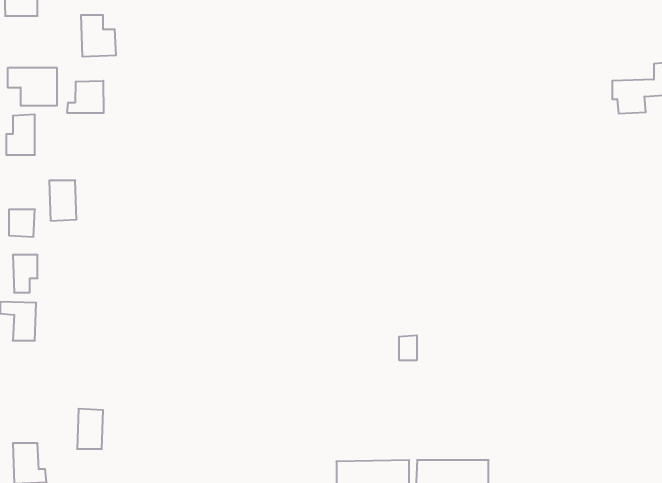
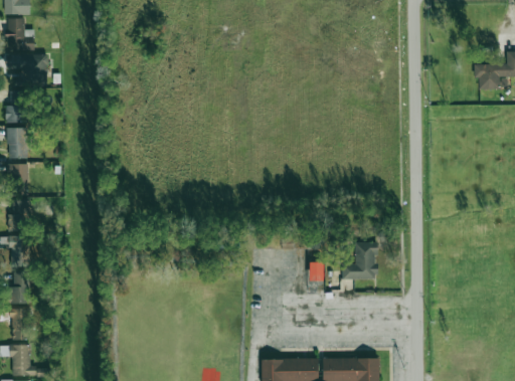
building: [81,15,116,57] -> [8,18,35,50]
building: [67,81,104,113] -> none
building: [49,180,77,221] -> [7,128,28,159]
building: none -> [343,242,379,279]
building: none -> [10,272,30,304]
building: [77,409,103,449] -> [11,308,31,339]

